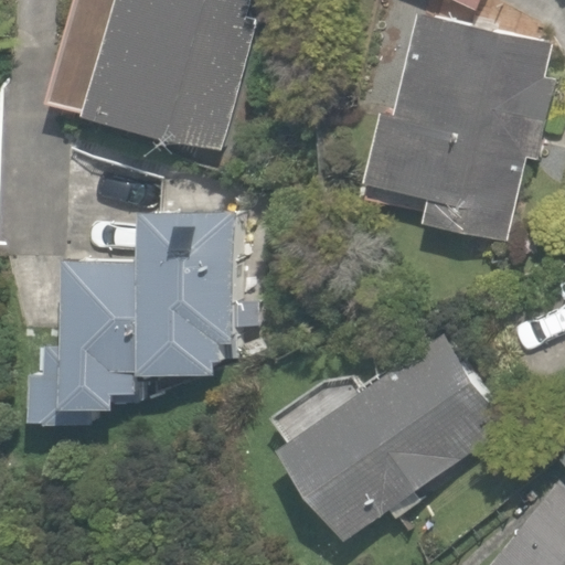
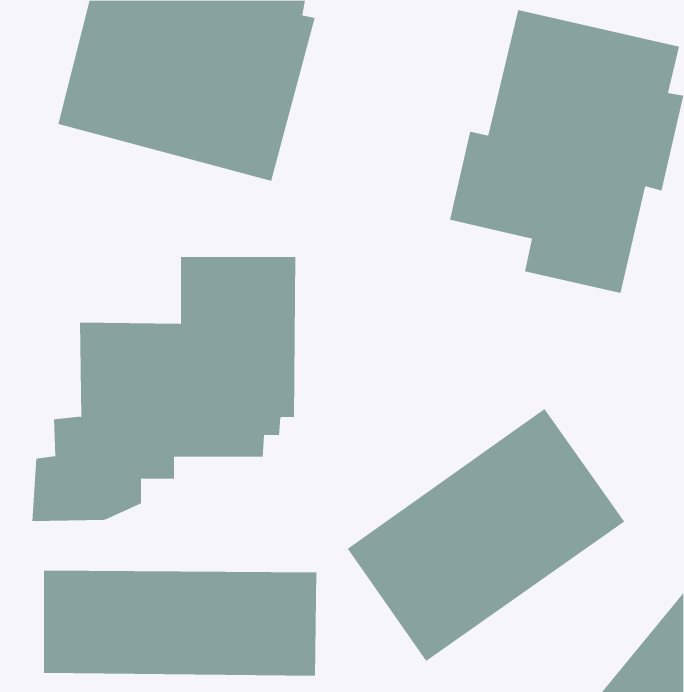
building: none -> [43,570,317,676]

